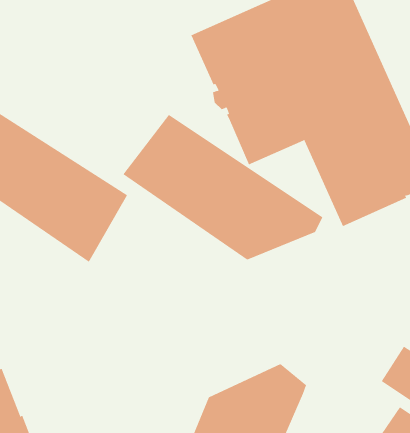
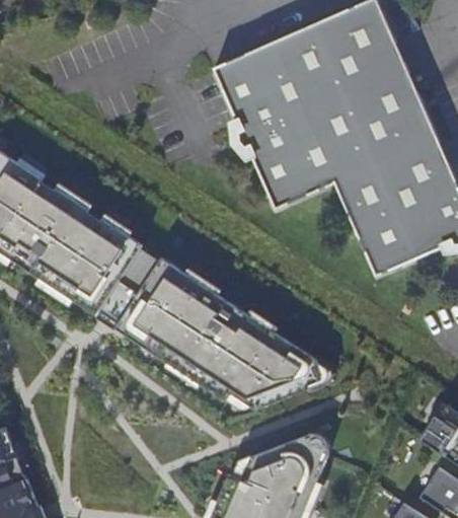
building: [123,114,323,260] -> [114,253,331,412]

